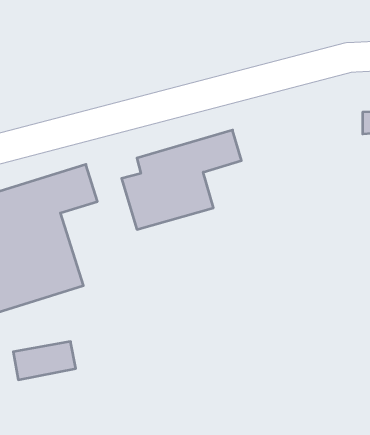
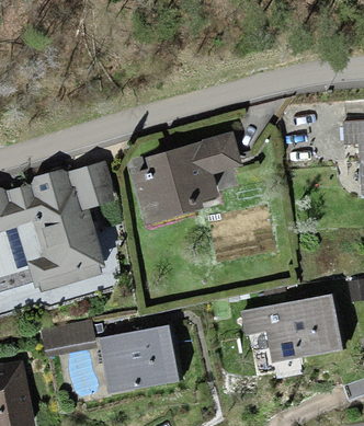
building: none -> [243,297,337,358]
building: none -> [100,329,172,392]

